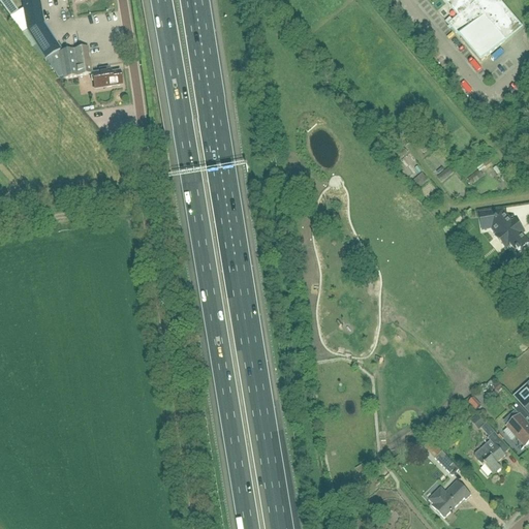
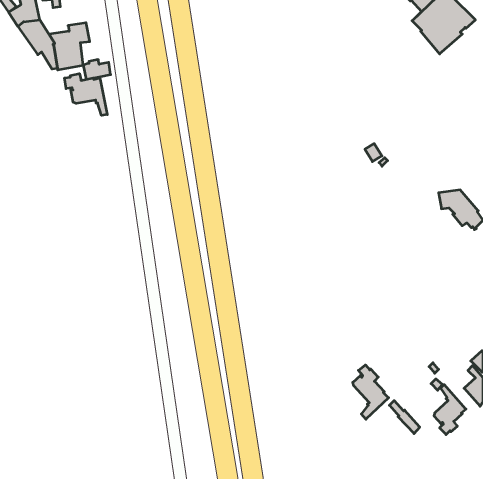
building: none -> [65,74,107,115]
building: none -> [353,365,389,419]
building: [429,478,471,517] -> none

